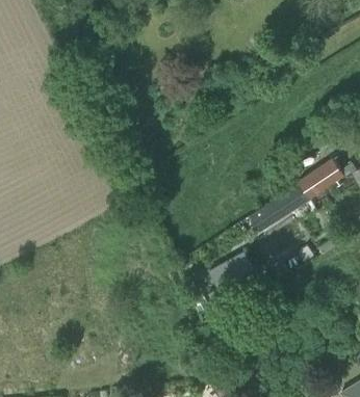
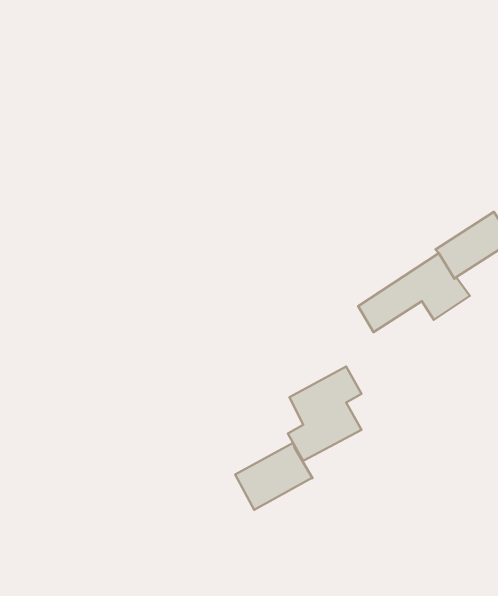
building: none -> [235,443,312,510]

